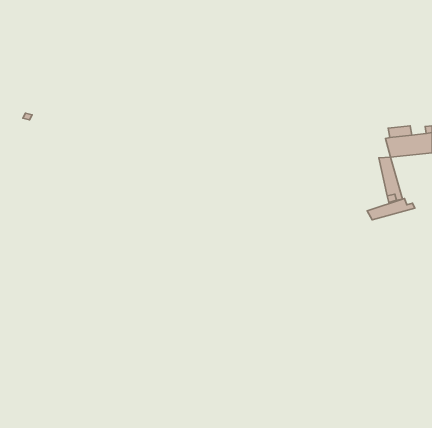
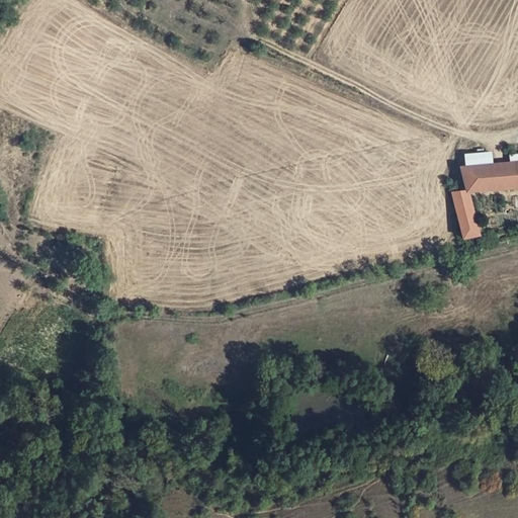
building: [367,199,415,220] -> none

